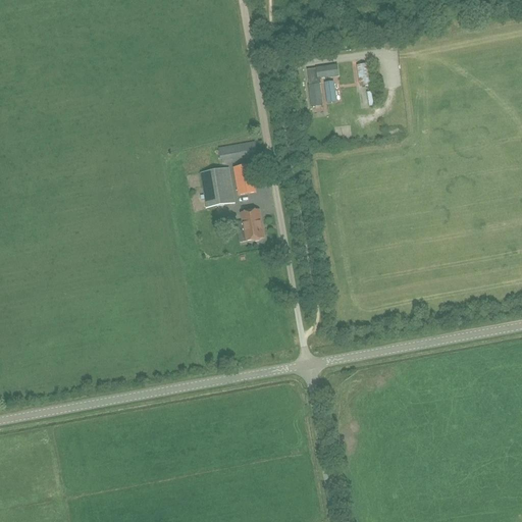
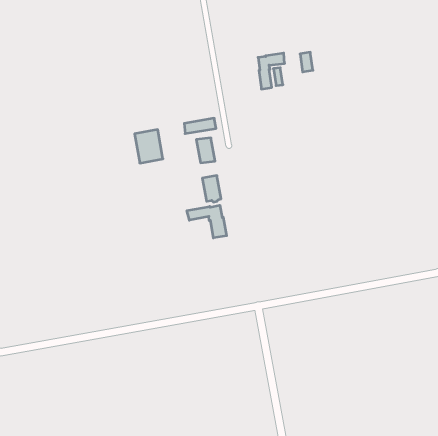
building: [201,167,234,207] -> [135,130,163,163]
building: none -> [187,205,227,238]

